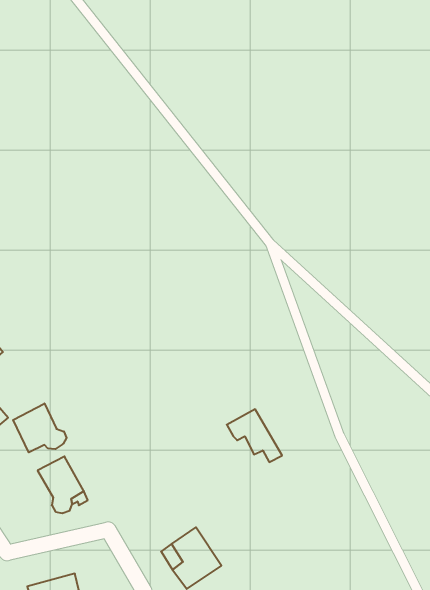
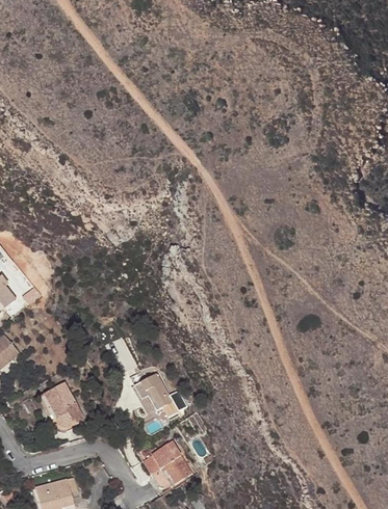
building: [13,403,67,452] -> none
building: [227,409,282,462] -> [134,373,179,416]

